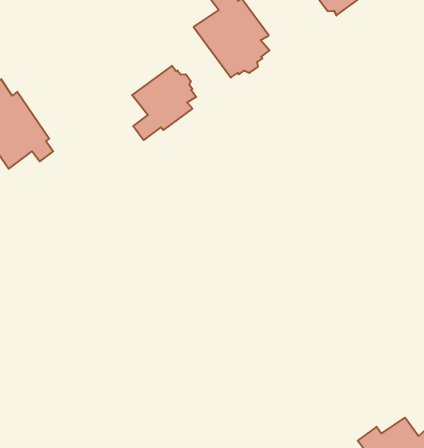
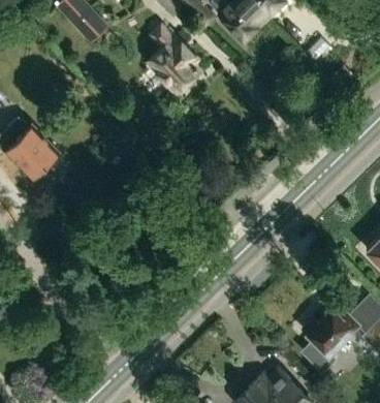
building: [132,66,196,140] -> none

